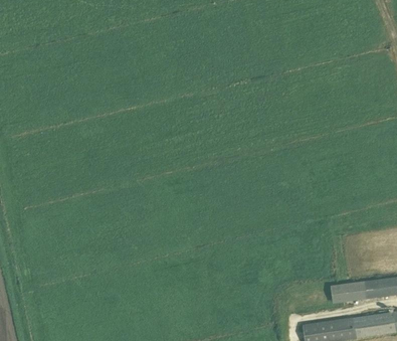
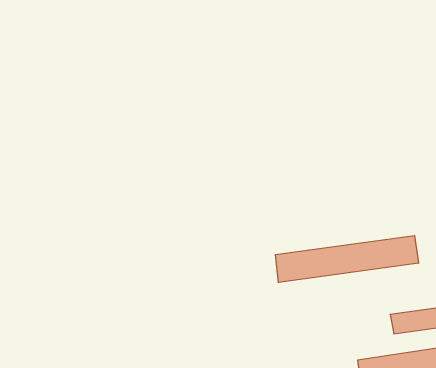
building: none -> [276,236,419,283]

